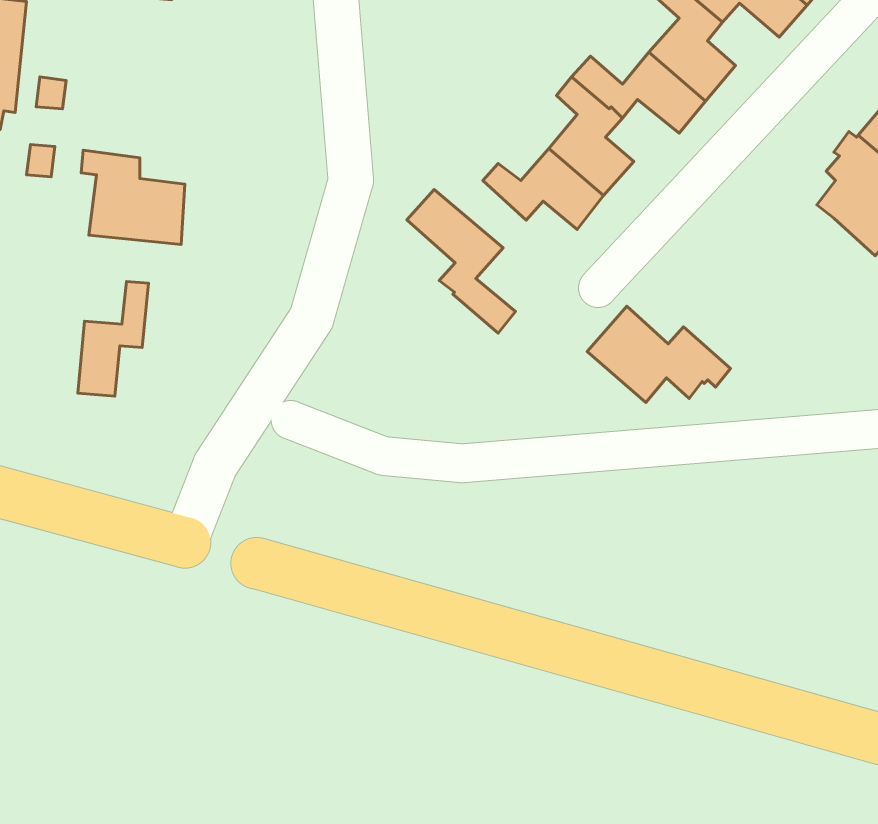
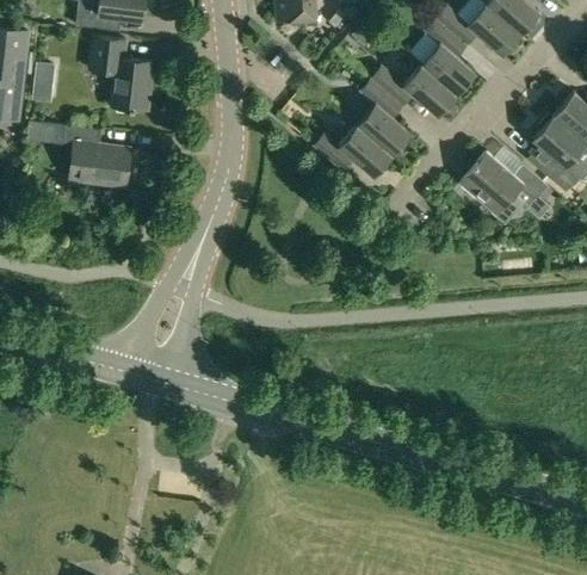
building: none -> [88,36,150,110]
building: [407,189,515,333] -> none
building: [78,282,149,396] -> none
building: [587,306,731,402] -> [462,152,552,212]

